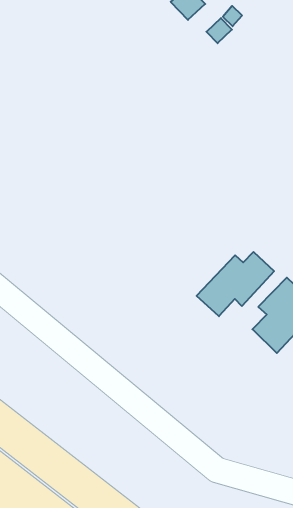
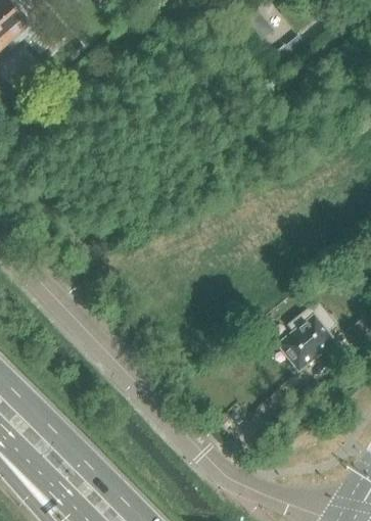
building: [197,252,274,316] -> none

